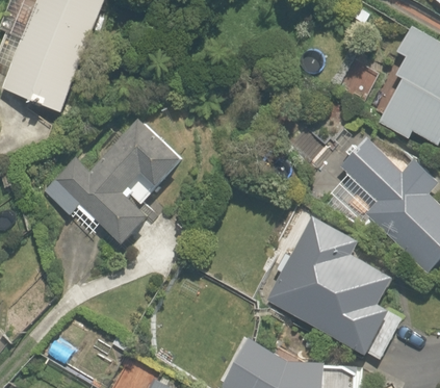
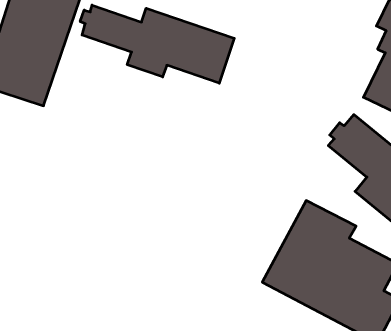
building: none -> [80,5,234,83]
building: [42,118,182,243] -> none

